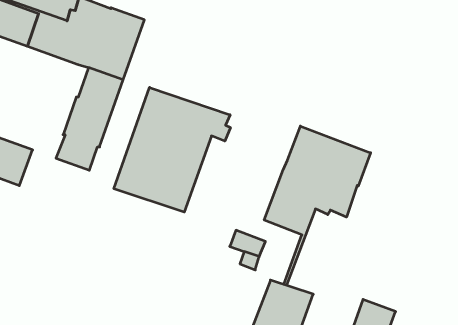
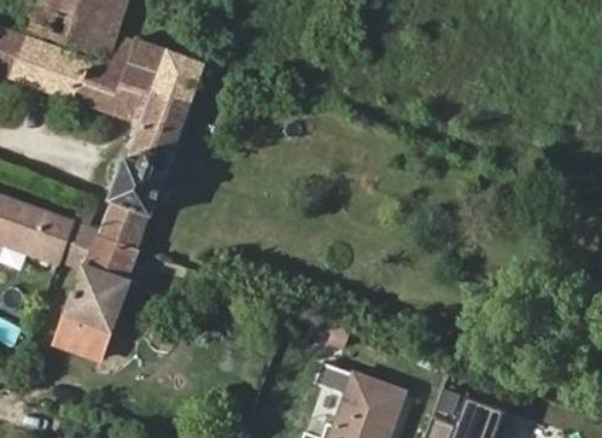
building: [114,87,230,212] -> none
building: [264,126,371,285] -> none
building: none -> [53,220,140,361]

